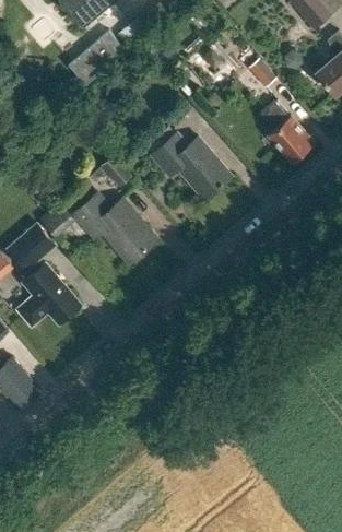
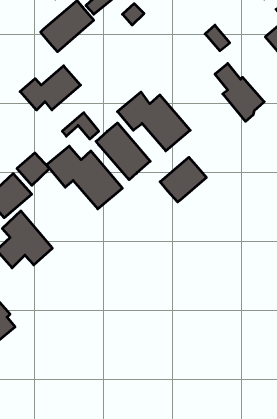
building: none -> [20,66,81,110]
building: none -> [96,123,150,180]
building: none -> [160,157,206,202]

